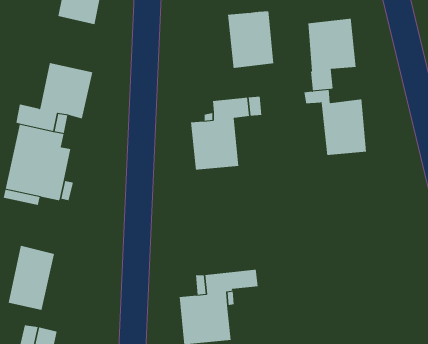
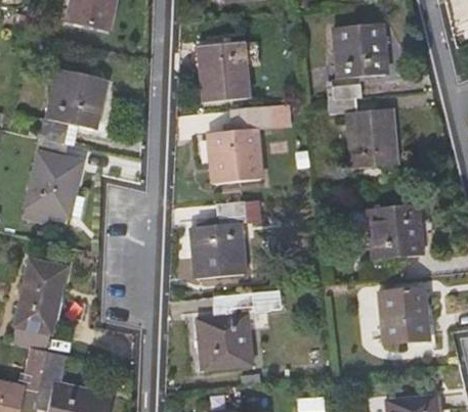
building: [227,11,274,68] -> [199,42,249,103]
building: none -> [192,199,262,278]
building: none -> [365,203,424,281]
building: none -> [379,289,428,345]

